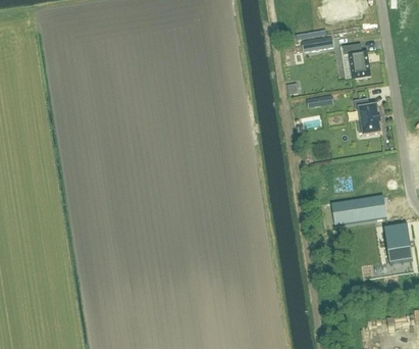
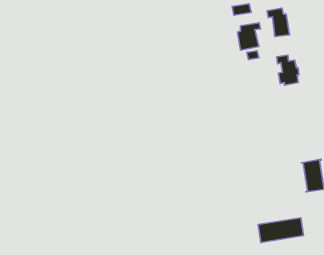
building: none -> [238,23,260,50]
building: [332,195,386,225] -> [258,218,304,242]

